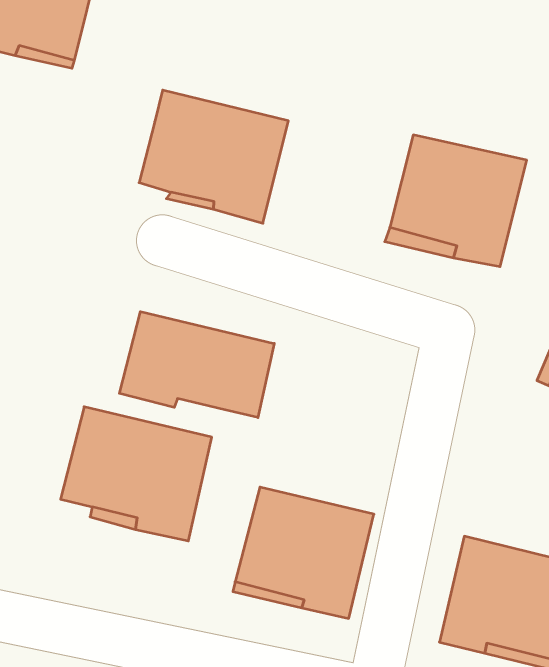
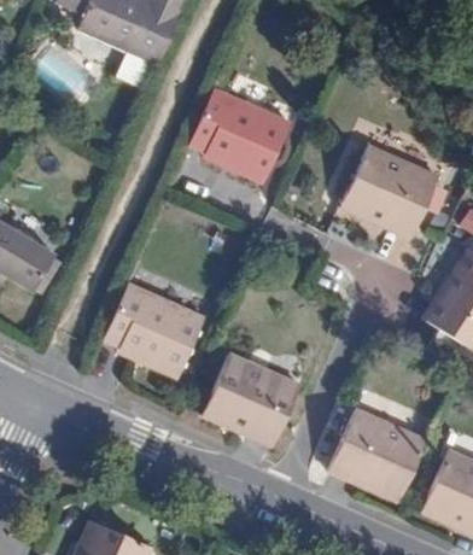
building: [119,312,274,418] -> none

